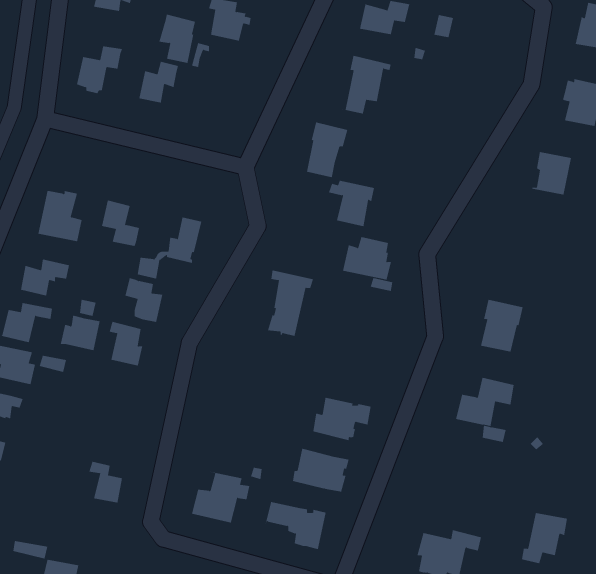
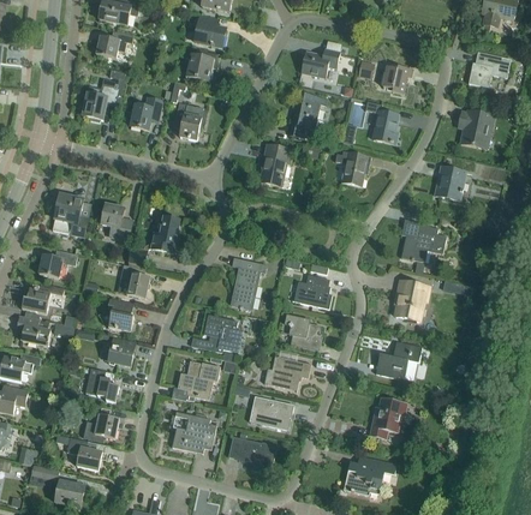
building: [158,14,196,64] -> [173,101,202,139]
building: none -> [382,65,411,94]
building: none -> [364,100,398,143]
building: [328,180,375,227] -> [334,150,370,186]
building: none -> [400,222,446,262]
building: [342,237,392,280] -> [293,274,332,307]
building: [60,315,100,351] -> [103,337,135,365]
building: none -> [203,313,238,351]
building: none -> [284,313,322,349]
building: none -> [177,358,219,400]
building: none -> [85,367,118,402]
building: none -> [67,436,101,469]
building: [520,512,568,564] -> [369,397,406,437]

